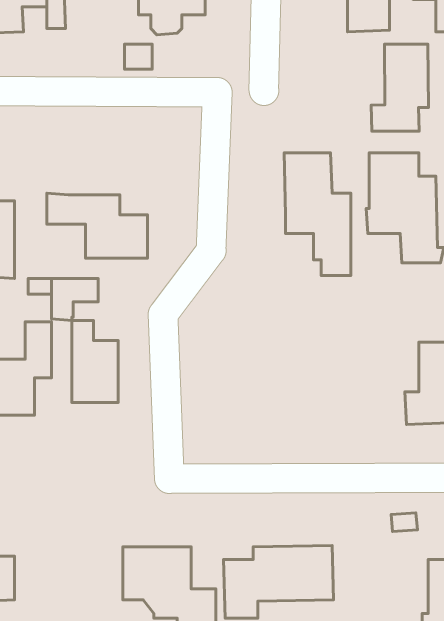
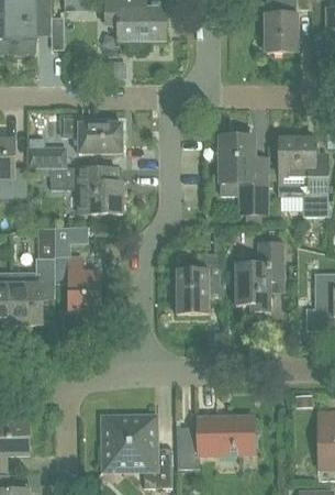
building: [371,44,428,131] -> none
building: none -> [62,112,123,153]
building: none -> [27,144,67,166]
building: none -> [235,240,284,311]
building: none -> [176,251,223,312]

